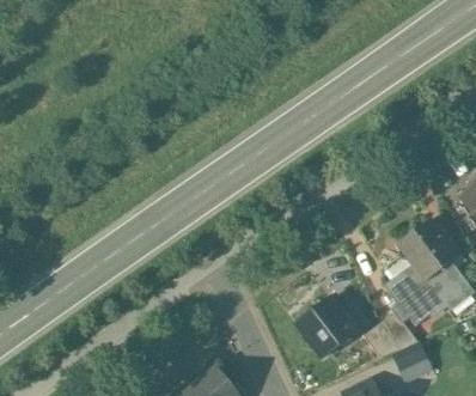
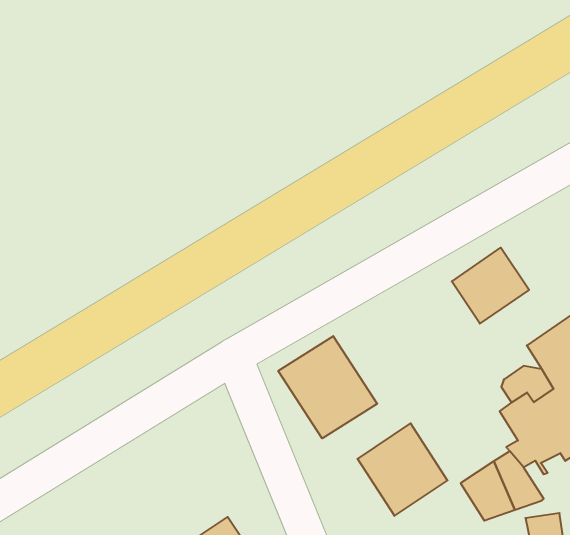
building: none -> [452,248,529,324]
building: none -> [278,336,377,438]

